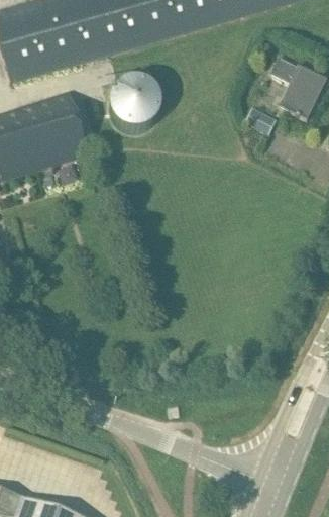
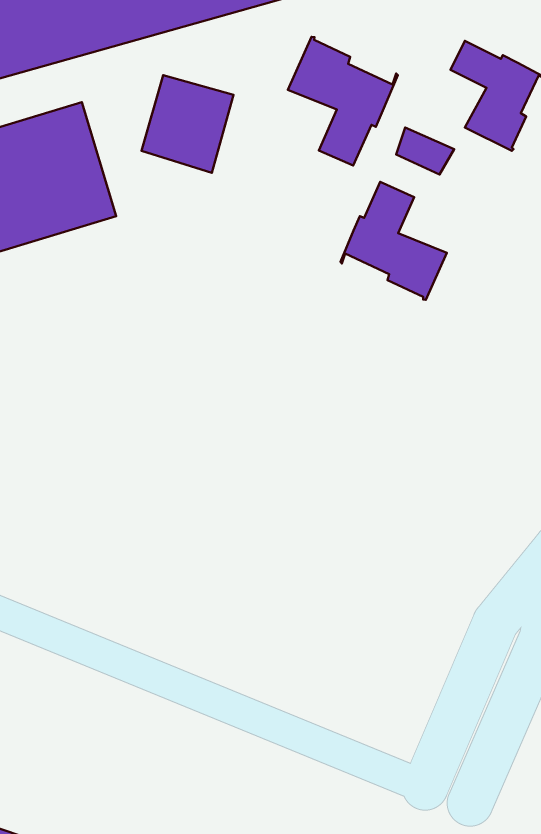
building: none -> [288,37,398,166]
building: none -> [340,182,447,300]

